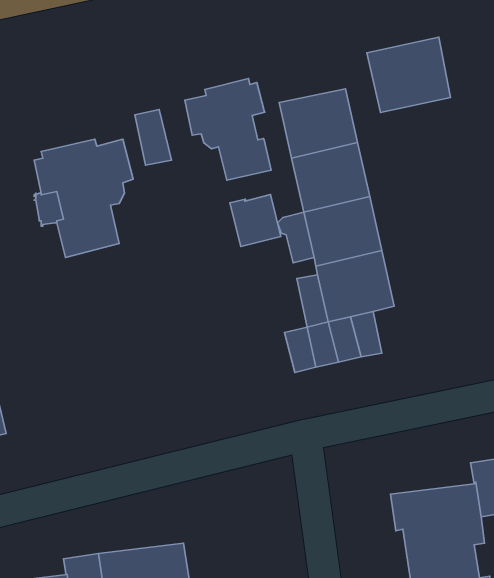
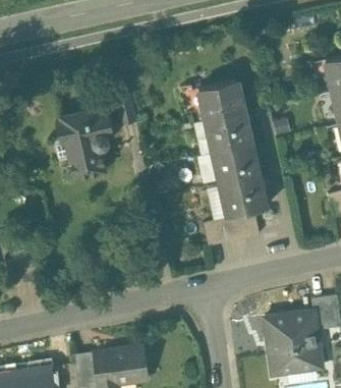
building: [367,37,450,112] -> none
building: [185,78,271,180] -> none
building: [230,194,281,247] -> none

